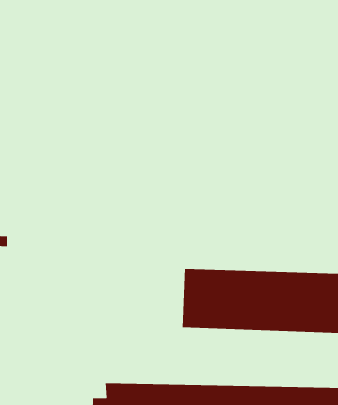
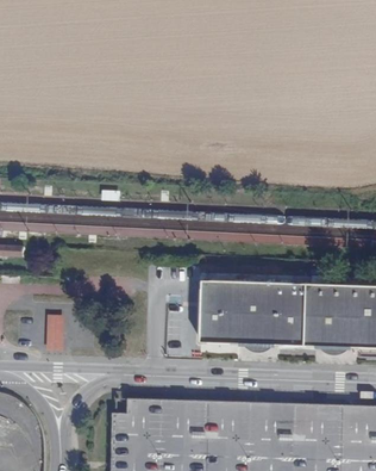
building: none -> [46,315,65,351]

